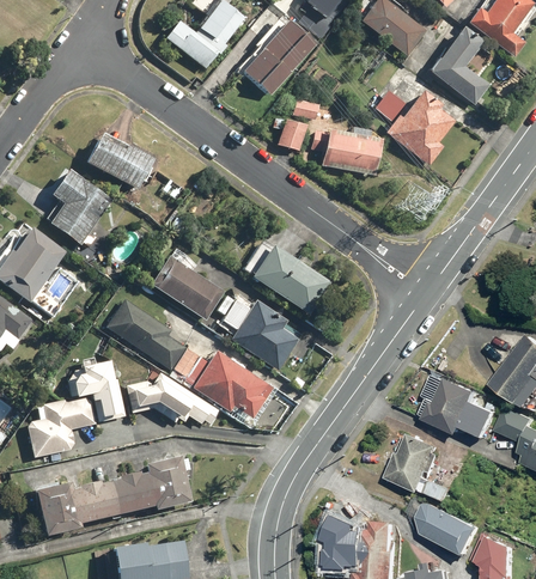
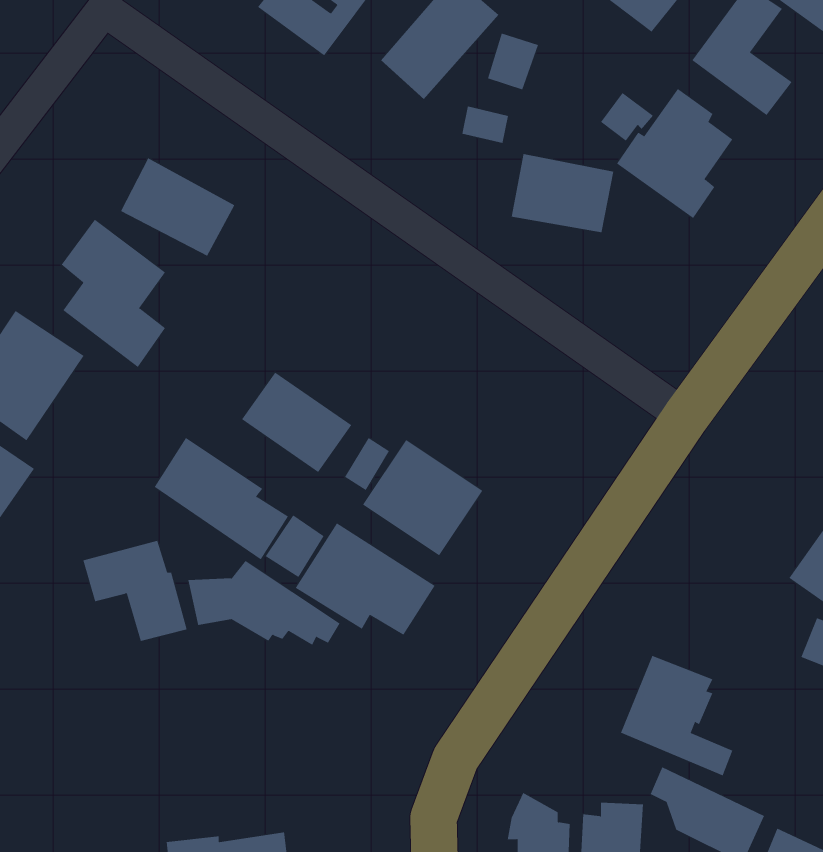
building: [276,117,307,152] -> [487,33,539,90]
building: [251,244,329,313] -> none
building: [416,377,493,437] -> none
building: [25,396,95,457] -> none
building: [35,455,191,535] -> none

